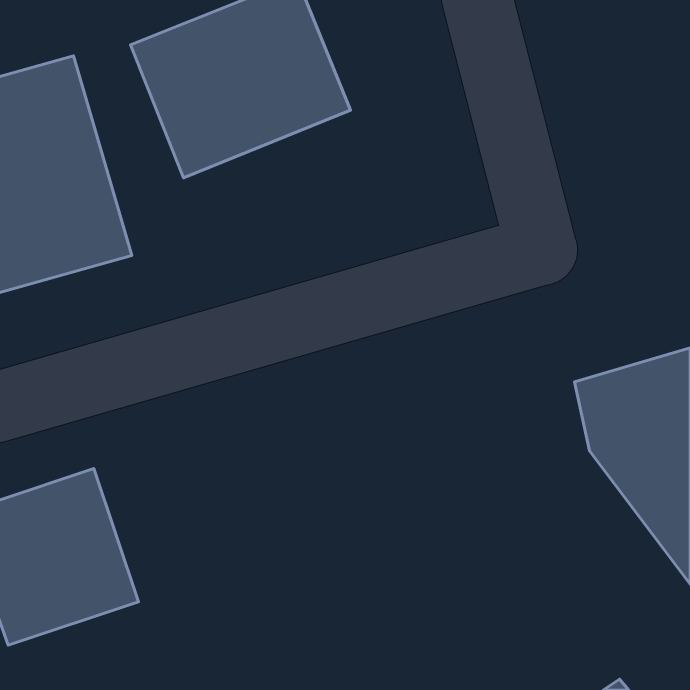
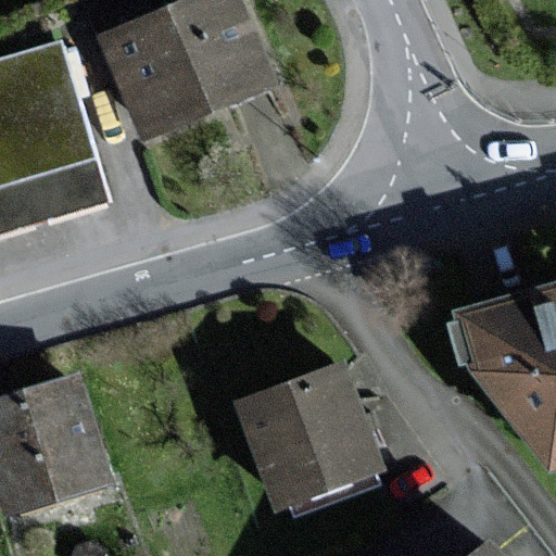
building: none -> [239,364,384,513]

